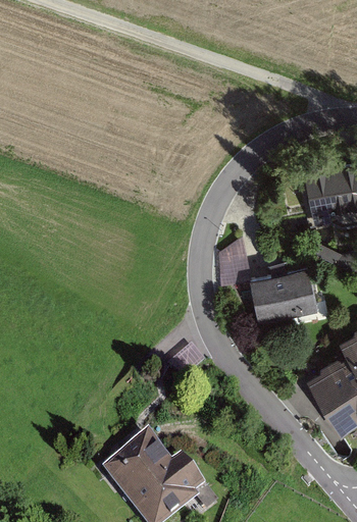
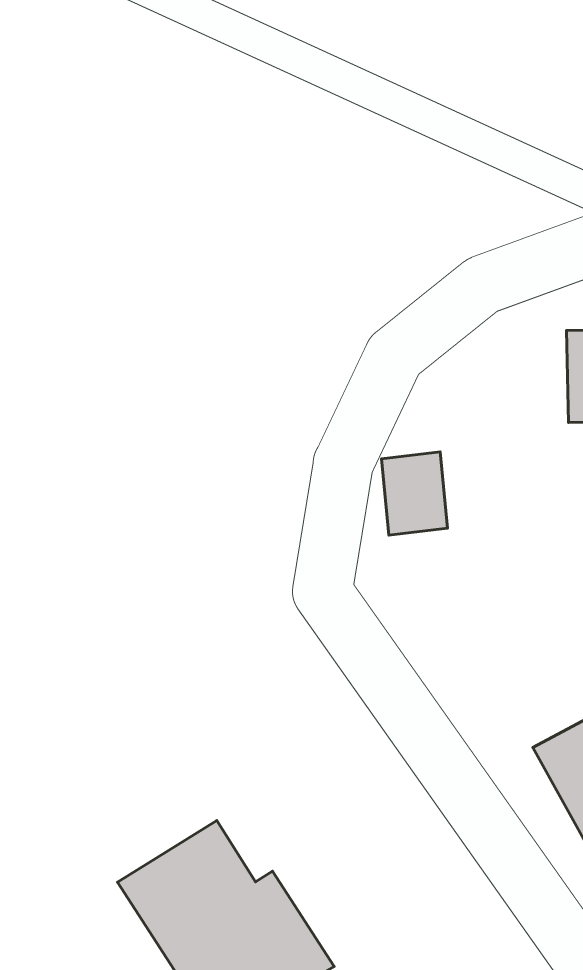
building: [250,269,317,324] -> none

